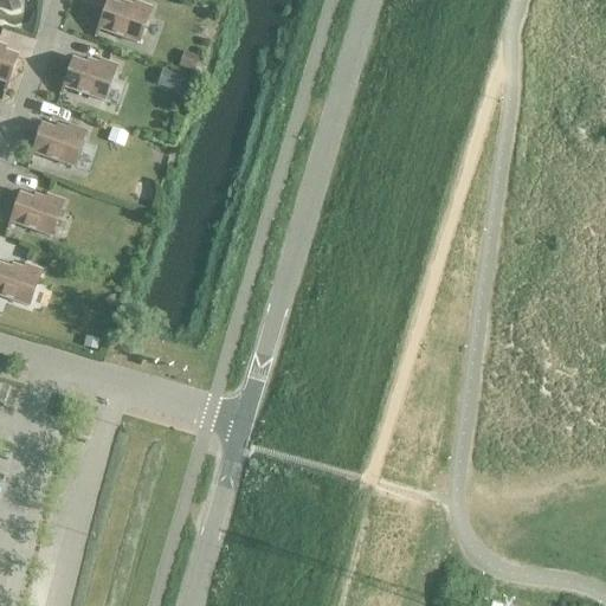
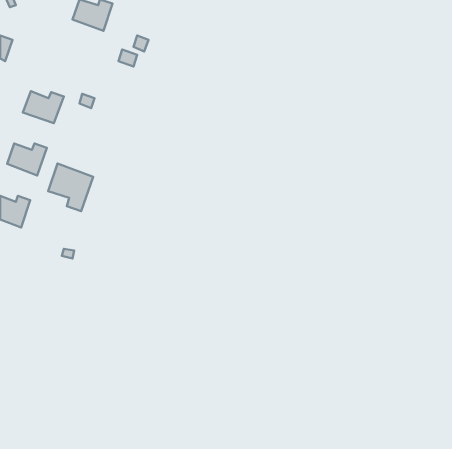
building: [62,57,116,99] -> none
building: none -> [48,164,93,211]

